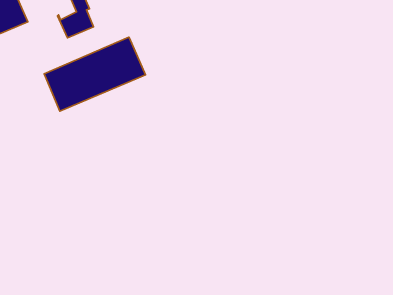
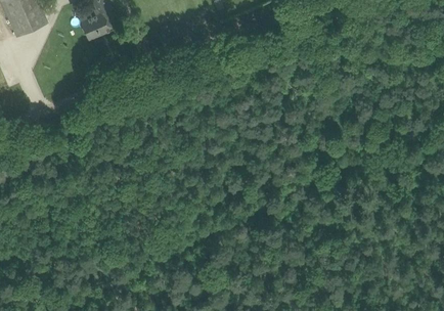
building: [44,37,145,111] -> none

